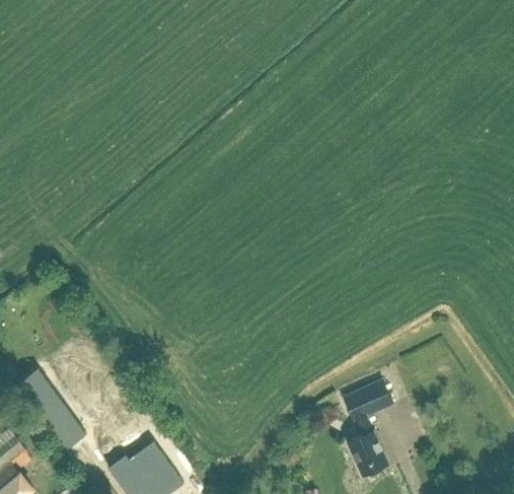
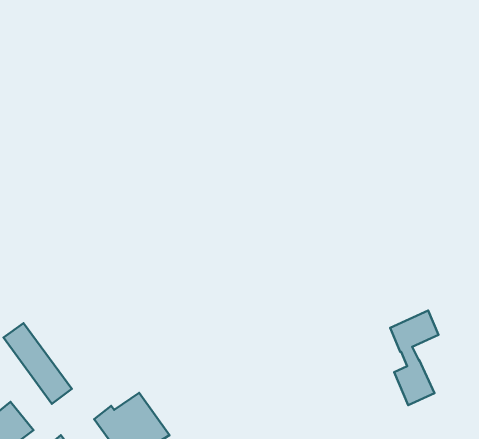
building: [344,381,392,477] -> [390,311,438,405]

